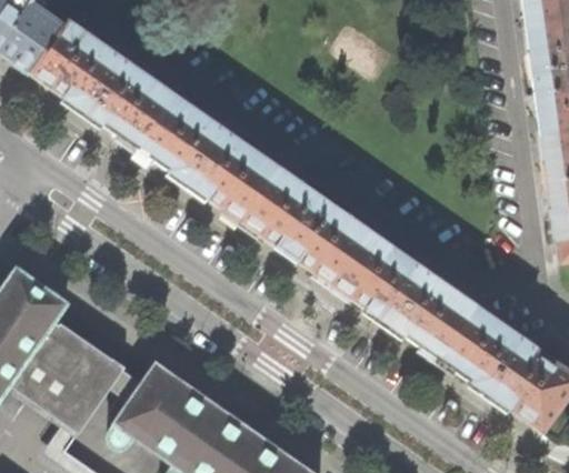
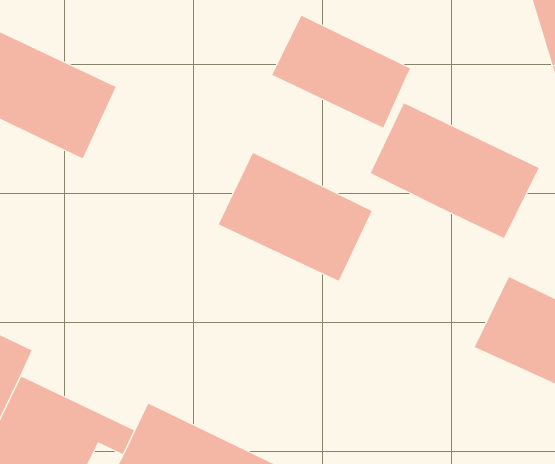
building: none -> [271,15,411,128]
building: [138,94,280,223] -> none
building: [335,233,477,361] -> [370,102,539,239]

